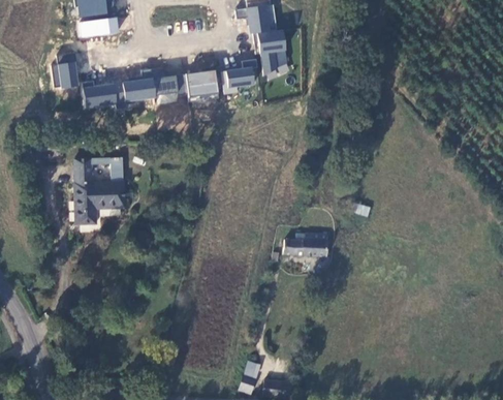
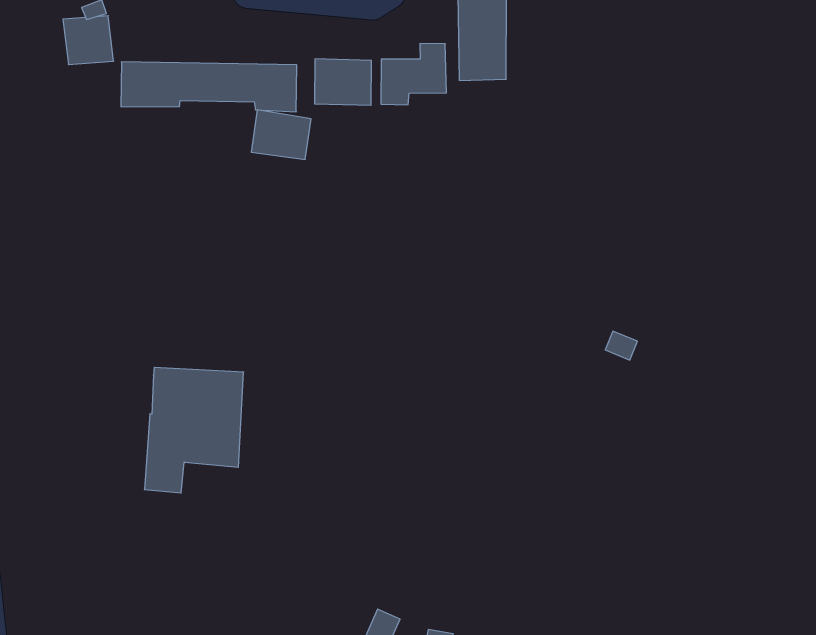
building: [74,157,124,224] -> [144,367,244,493]
building: [283,234,326,255] -> none

